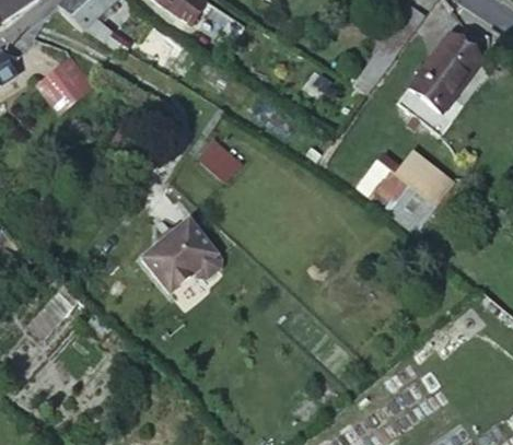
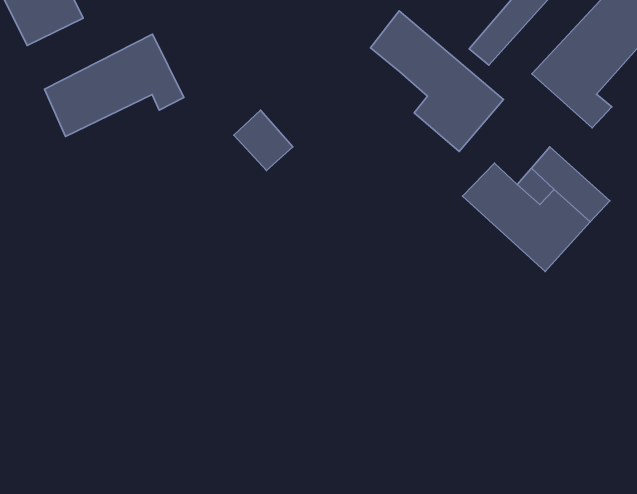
building: none -> [370,11,504,151]
building: none -> [44,34,184,136]
building: [141,219,220,291] -> none

